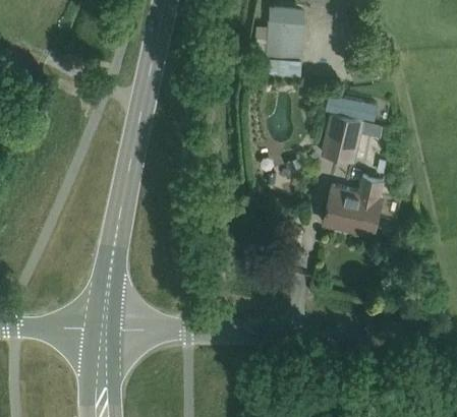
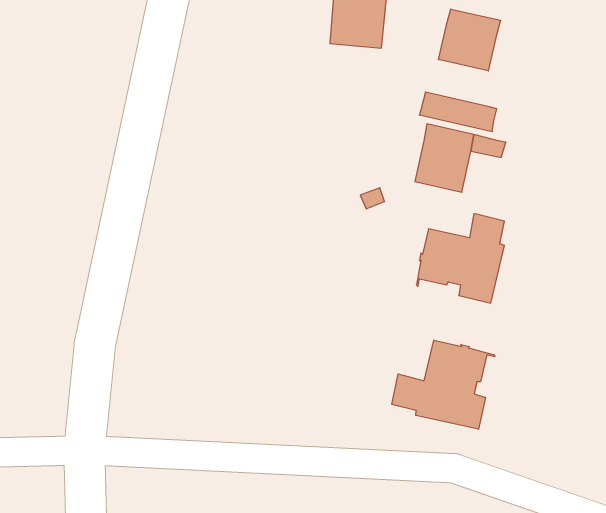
building: none -> [438,9,501,71]
building: none -> [392,340,495,429]

